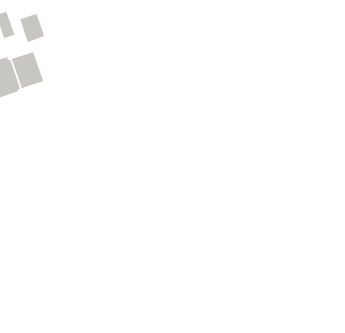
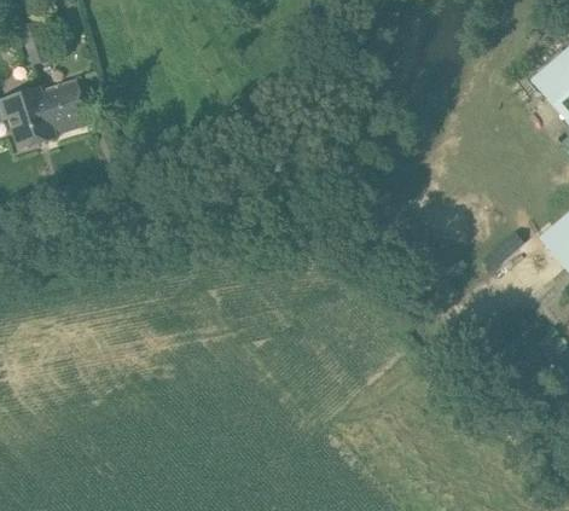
building: [19,13,45,44] -> none

